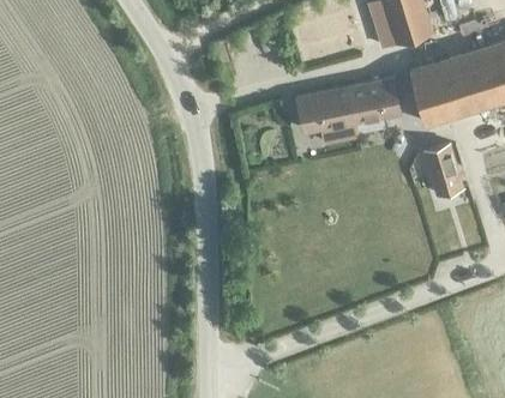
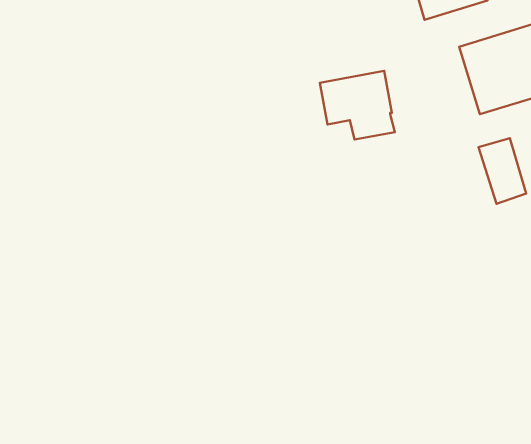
building: [350,82,402,125] -> none

